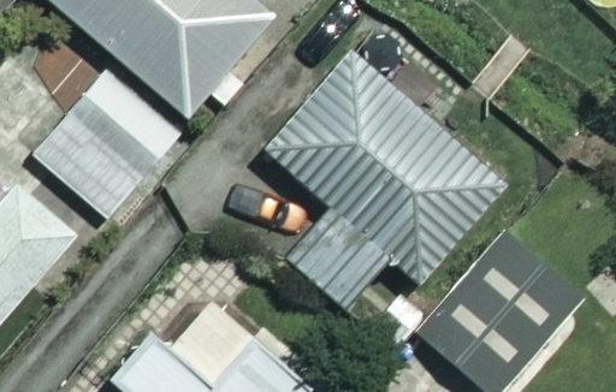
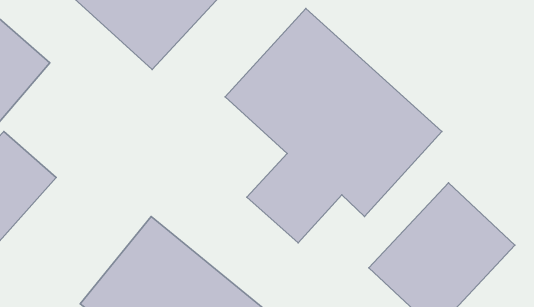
building: [35,72,178,219] -> none

